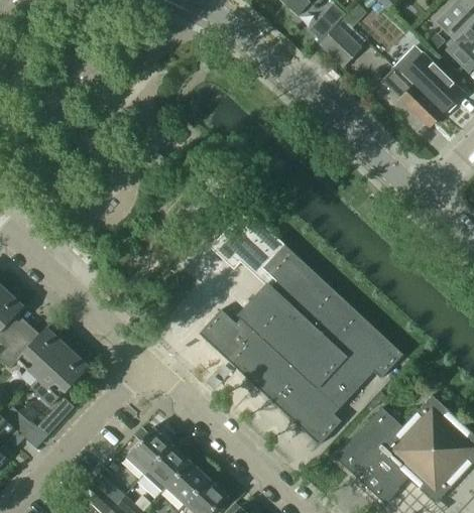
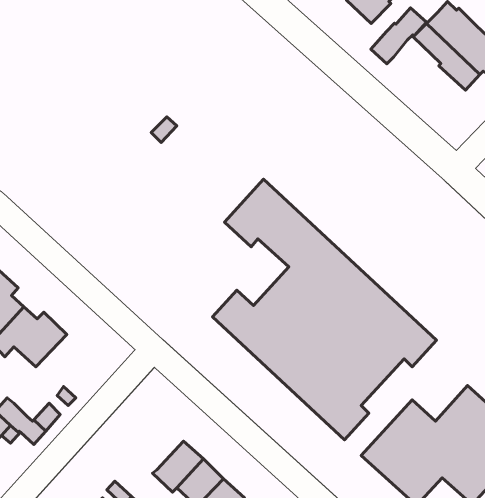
building: none -> [371,8,427,64]
building: [30,348,87,405] -> none
building: [125,426,172,474] -> none

